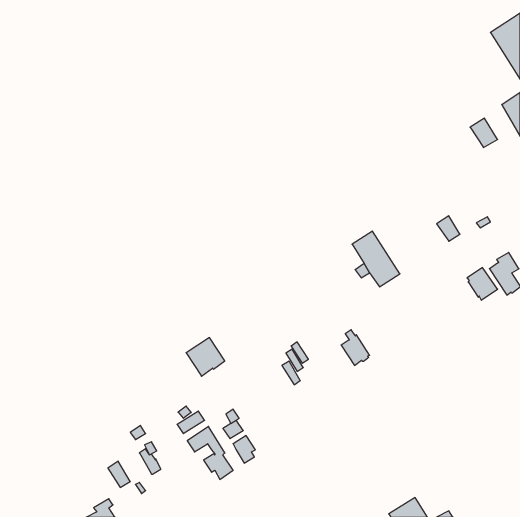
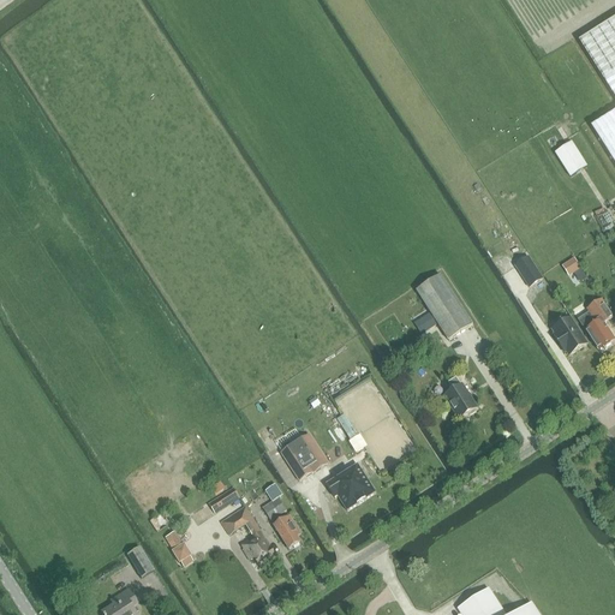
building: [341,330,370,365] -> [443,376,477,418]
building: [186,338,225,376] -> [282,434,328,479]
building: none -> [327,462,376,509]

